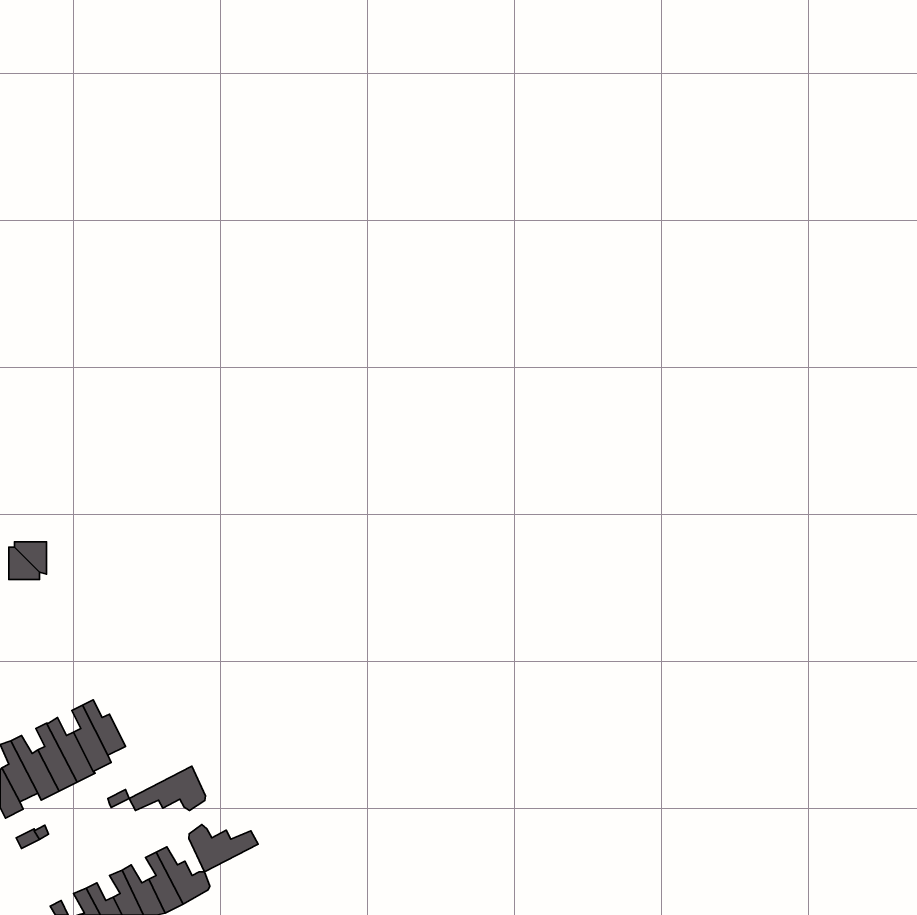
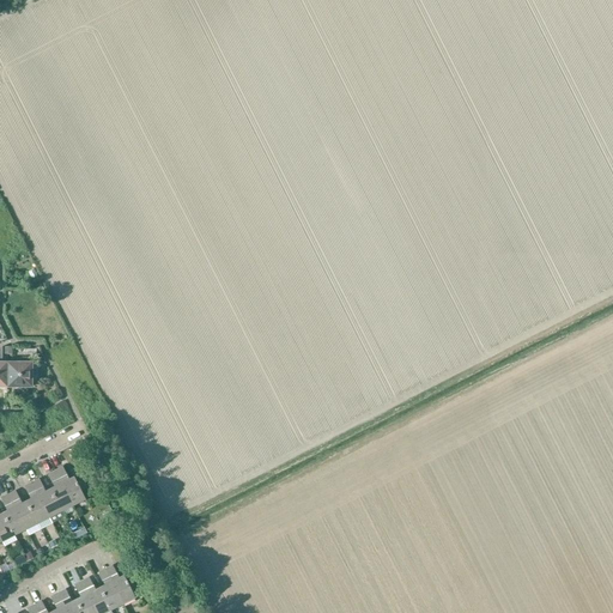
building: [129,766,206,811] -> none
building: [189,825,258,872] -> none

